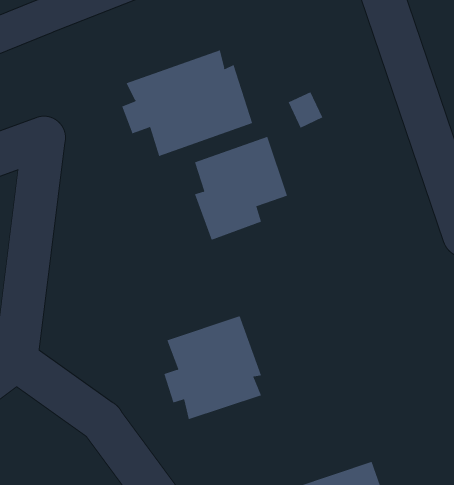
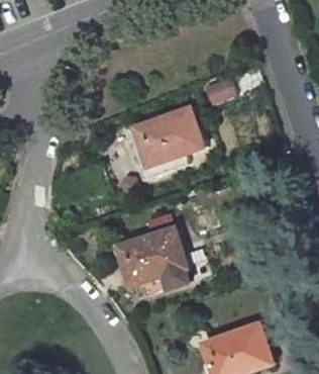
building: [122,49,253,157] -> none

